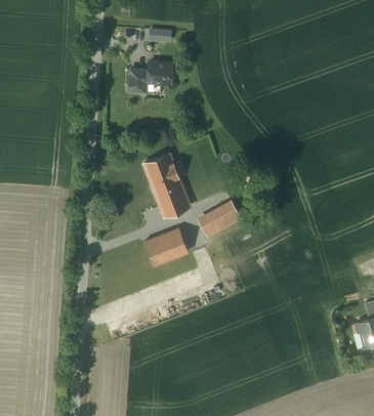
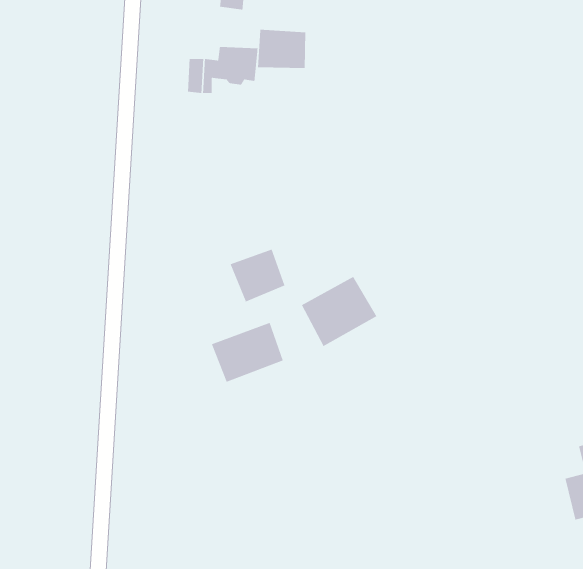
building: none -> [257,29,306,69]
building: [143,153,182,193] -> none

